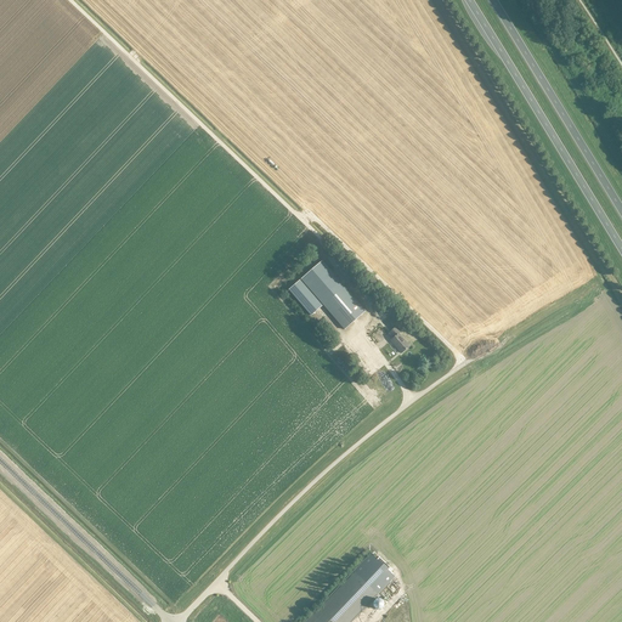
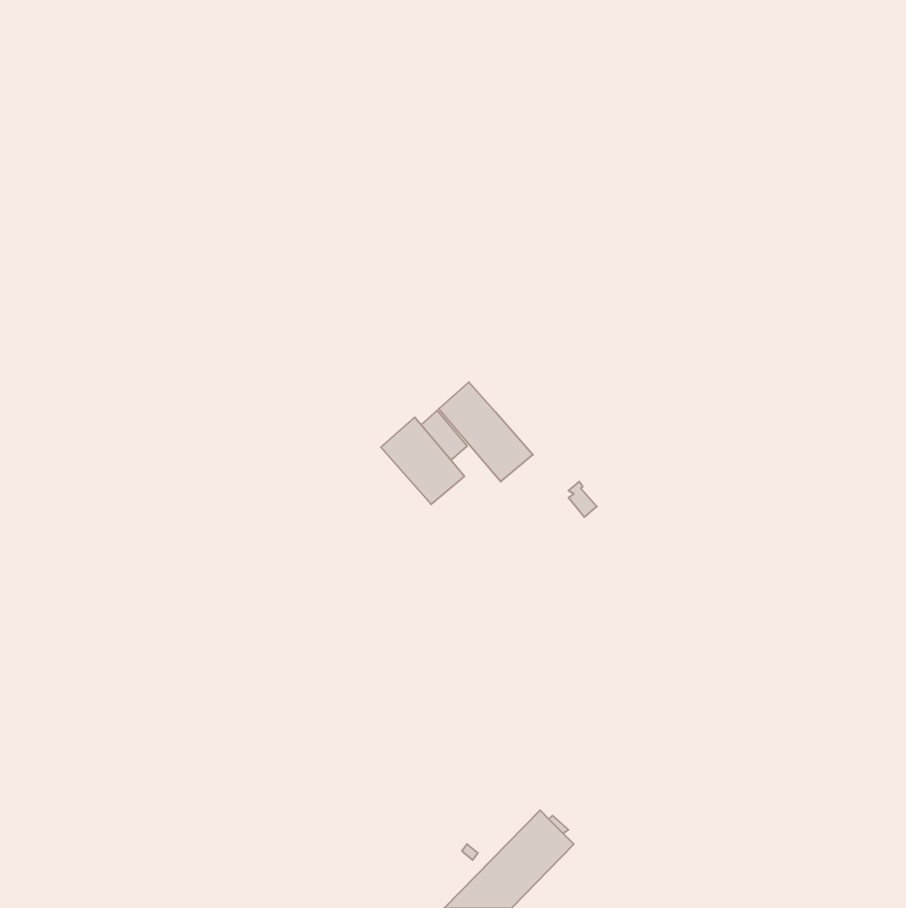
building: none -> [381,417,464,504]

